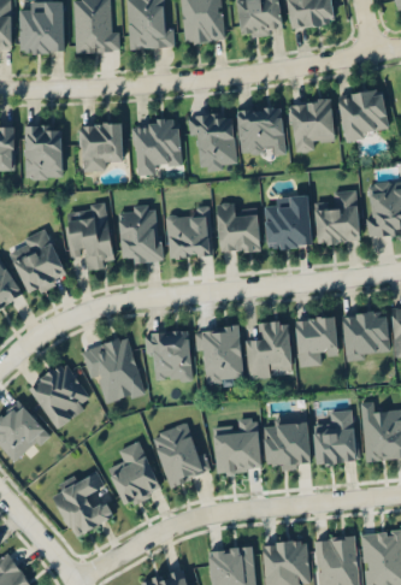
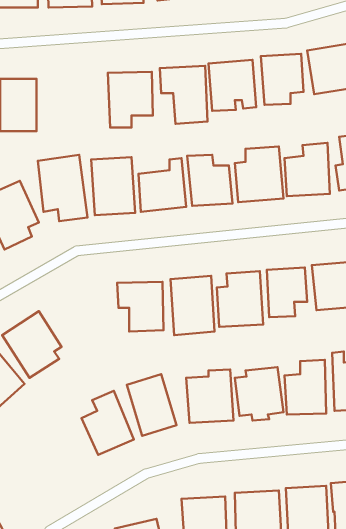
building: [81,122,123,170] -> none
building: [82,336,145,402] -> none
building: [52,469,113,537] -> none

